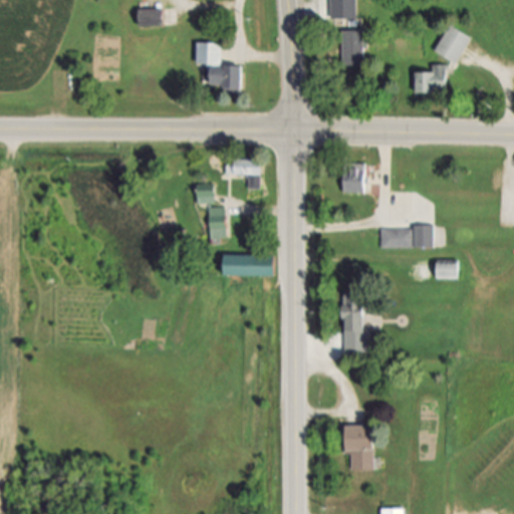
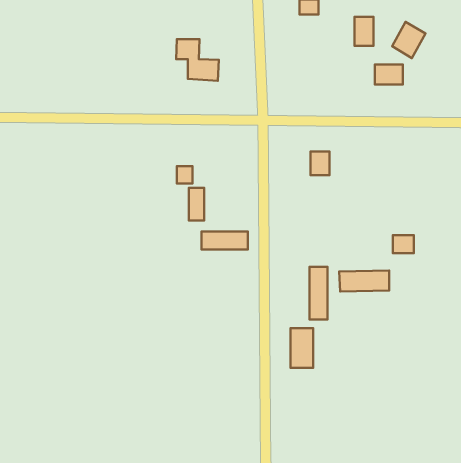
building: [137,10,163,26] -> none
building: [341,32,362,64] -> [354,17,373,46]
building: [233,160,260,190] -> none
building: [377,226,433,249] -> [339,270,389,291]
building: [347,426,372,470] -> [291,328,313,368]

